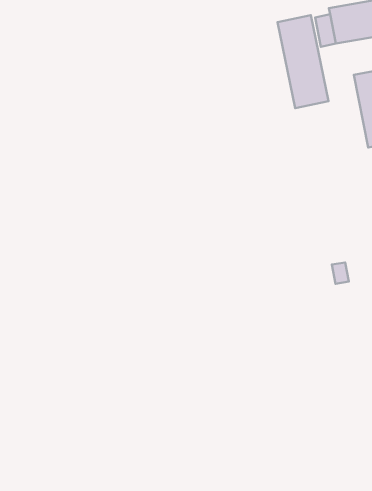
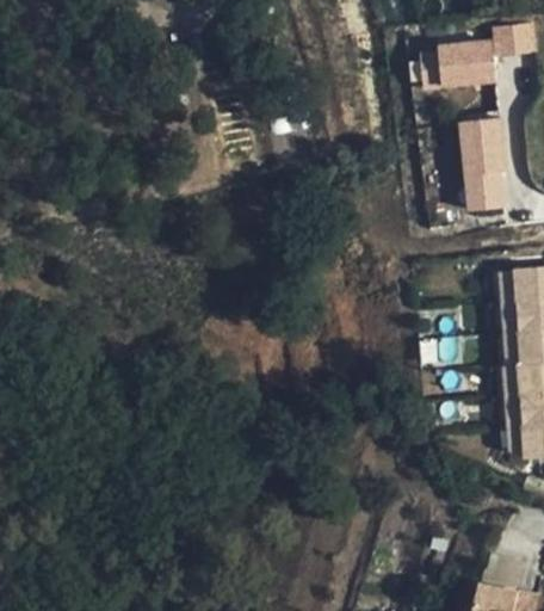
building: [278,15,328,108] -> none

